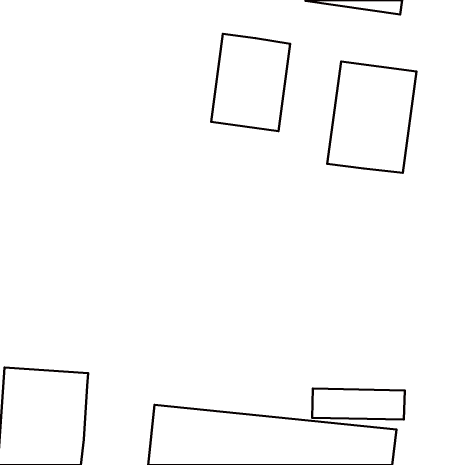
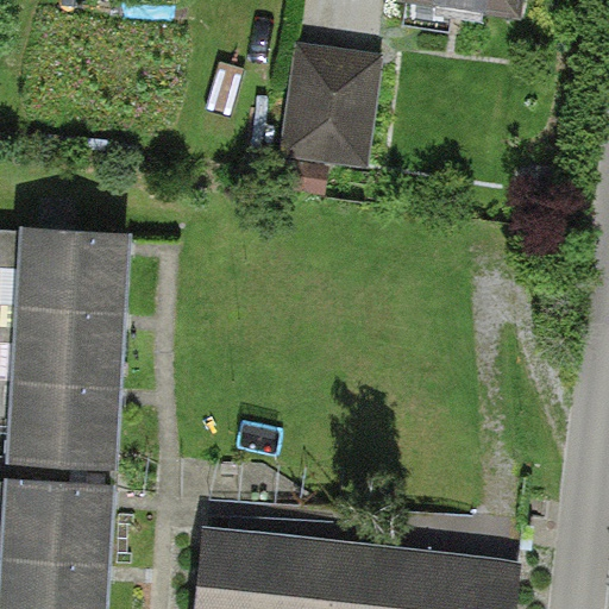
building: [327,61,416,173] -> none
building: none -> [5,232,127,472]

